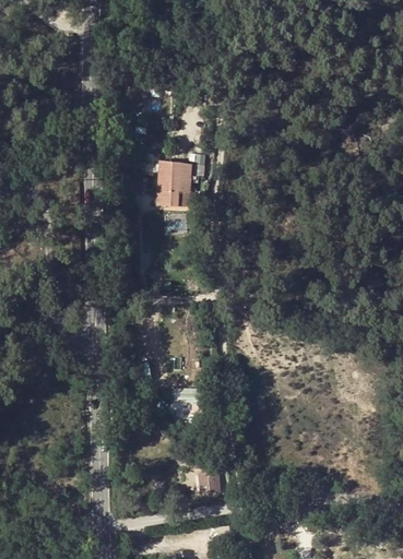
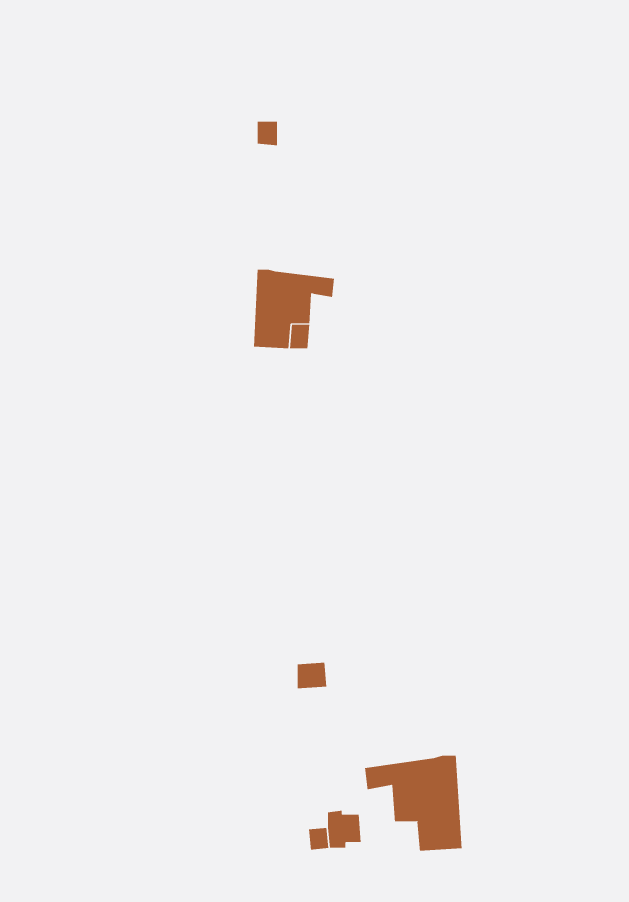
building: none -> [365,755,462,852]

